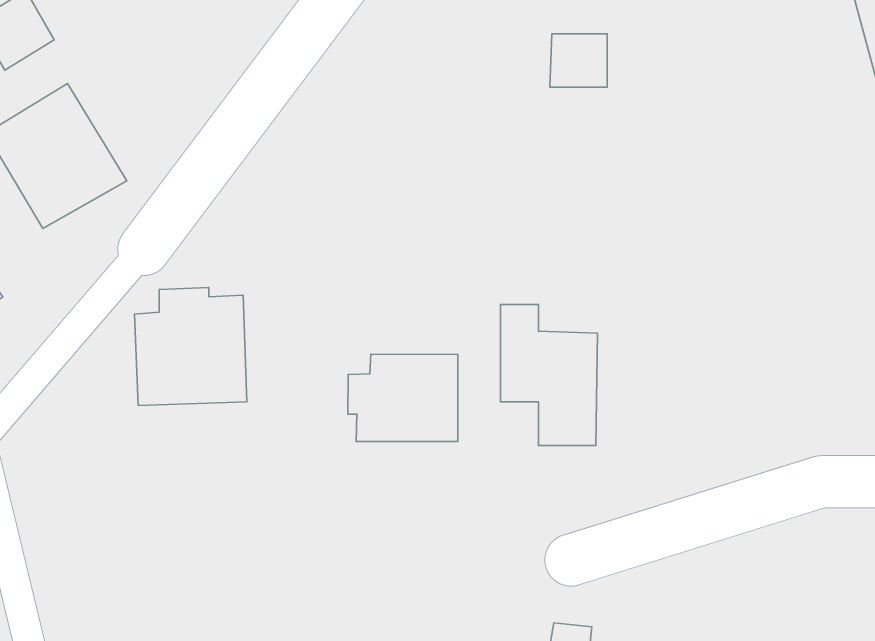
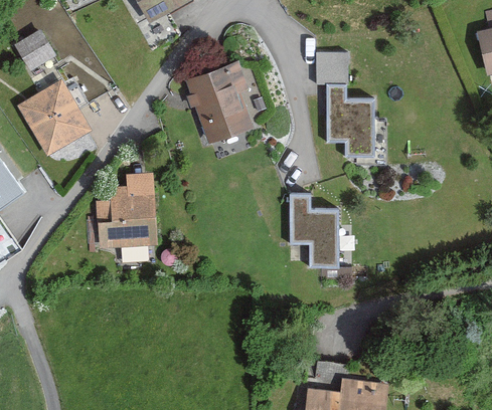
building: none -> [186,59,255,144]
building: none -> [327,84,373,155]
building: [348,354,458,442] -> none

